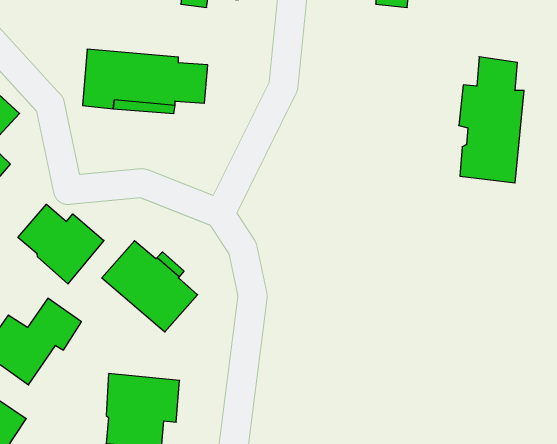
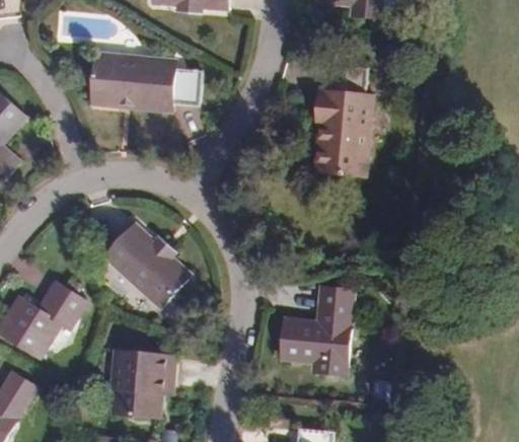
building: [459,57,524,183] -> [314,62,373,175]
building: [18,204,104,284] -> none
building: none -> [281,282,349,370]

